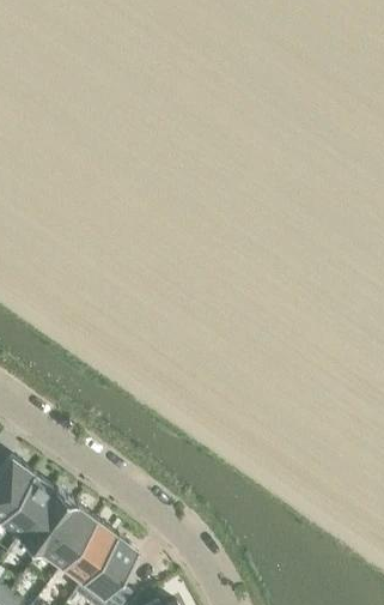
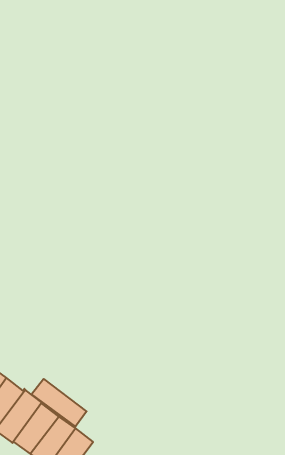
building: none -> [32,379,87,427]

